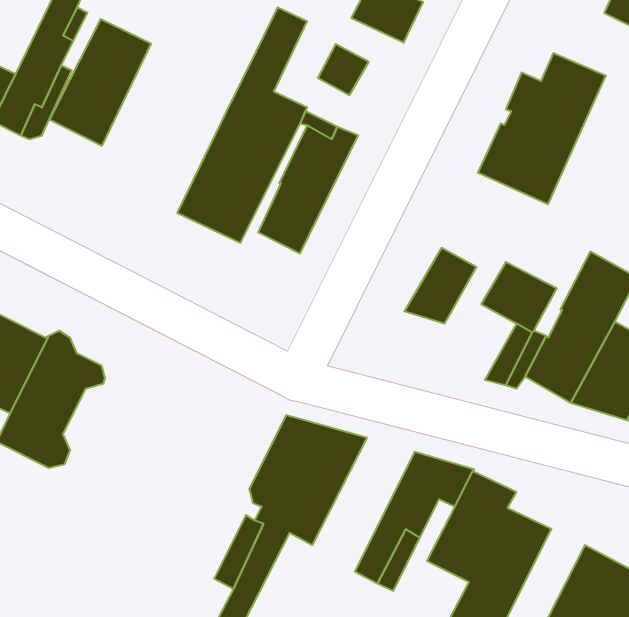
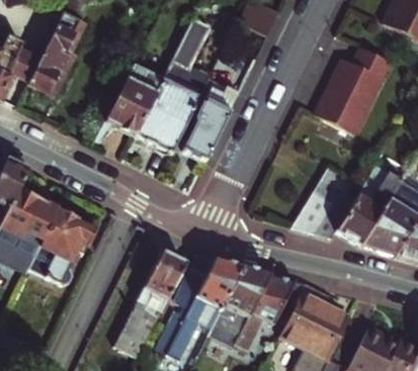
building: [49,19,151,146] -> [107,64,166,136]
building: [404,248,477,323] -> [291,189,333,233]
building: none -> [115,250,188,357]
building: none -> [212,266,274,347]

